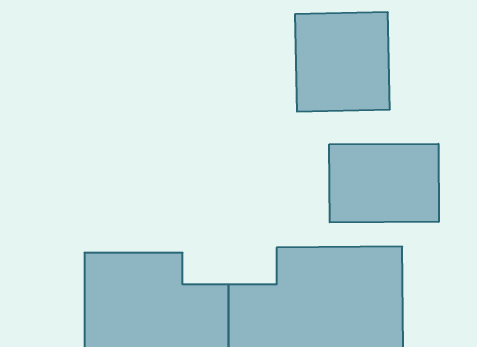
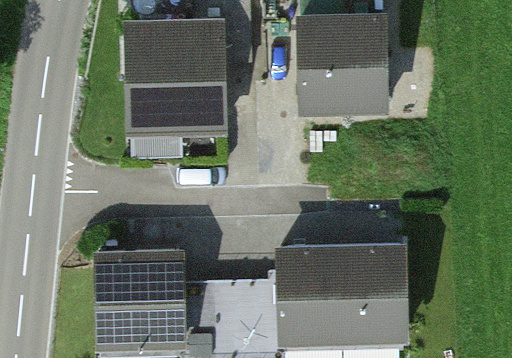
building: none -> [123,21,224,140]
building: [329,144,439,222] -> none

